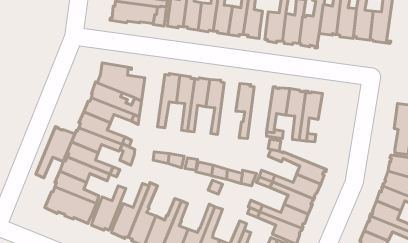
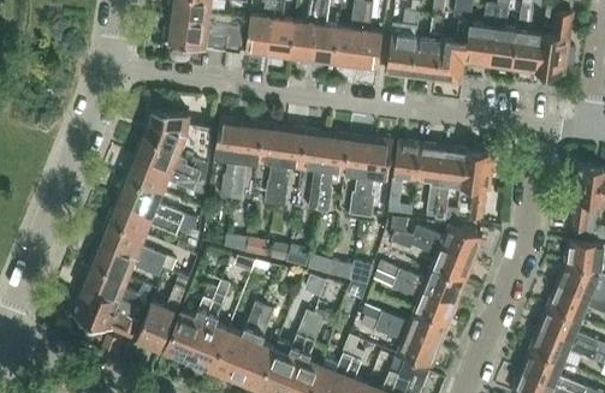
building: none -> [214,119,242,200]
building: none -> [318,135,350,213]
building: none -> [361,141,393,219]
building: none -> [463,151,494,220]
building: [36,126,75,178] -> none
building: none -> [413,225,484,261]

